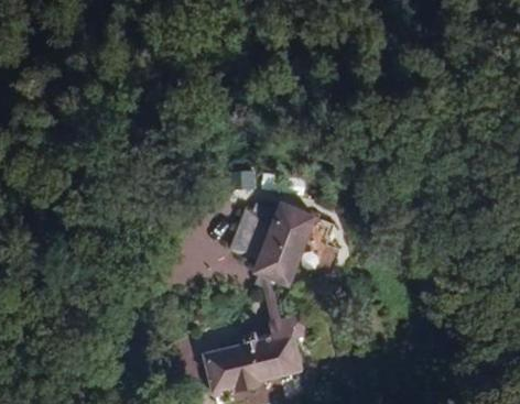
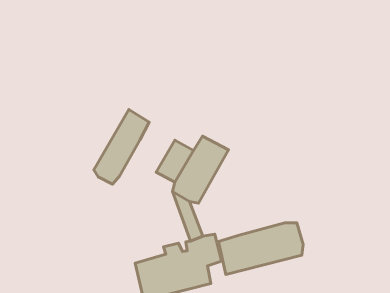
building: none -> [94,109,149,184]
building: none -> [218,223,303,274]

